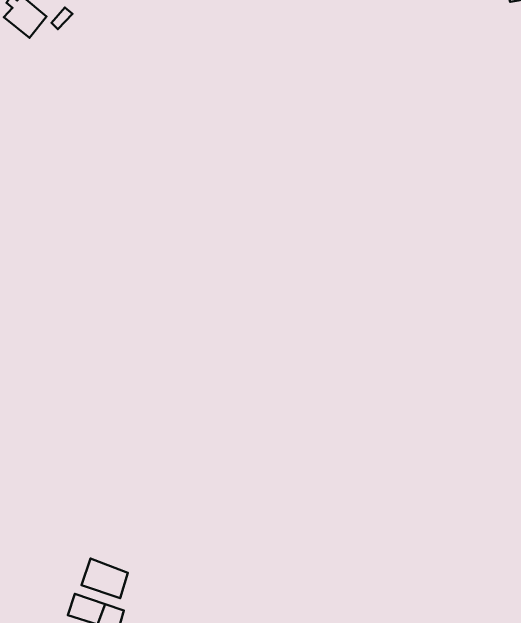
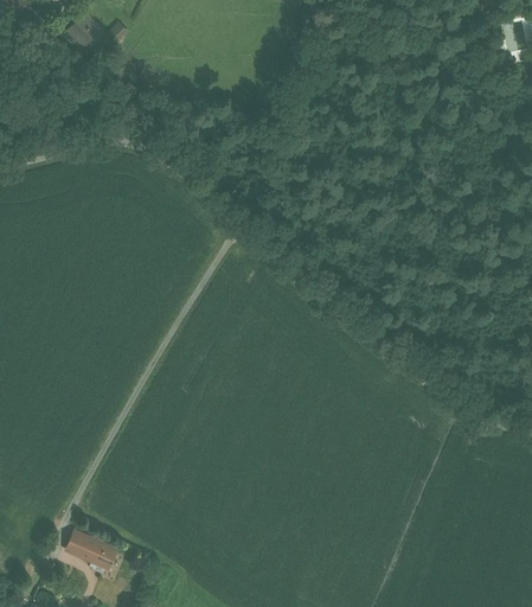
building: [81,559,128,598] -> none

